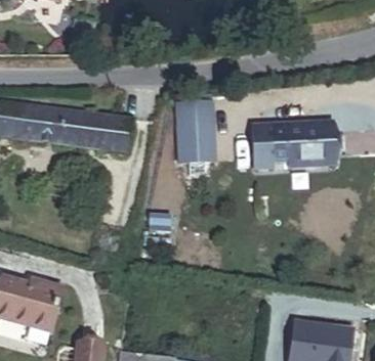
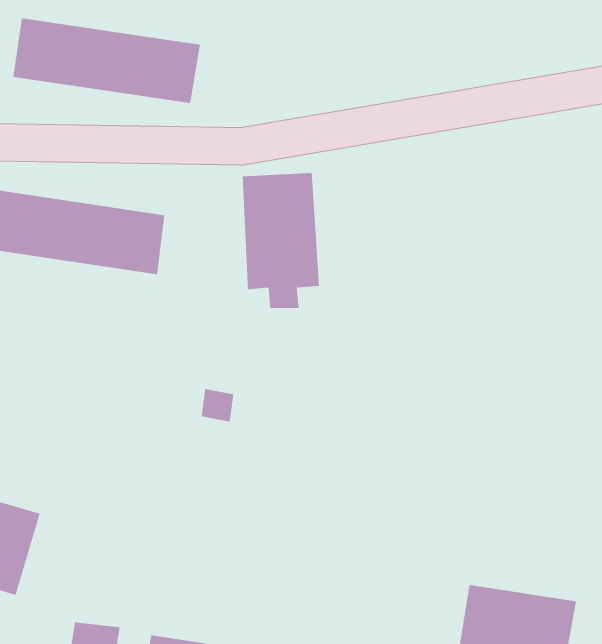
building: none -> [13,17,201,104]
building: [247,124,334,170] -> none

